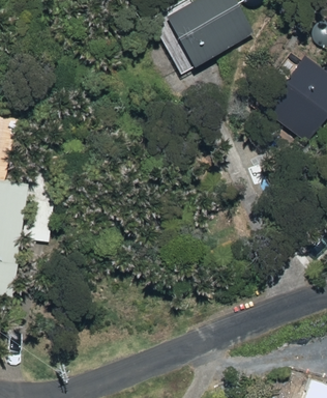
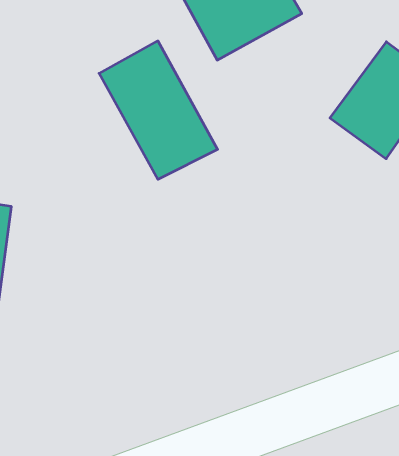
building: none -> [99,41,218,179]

